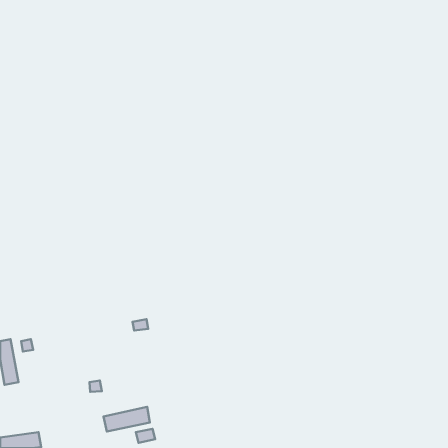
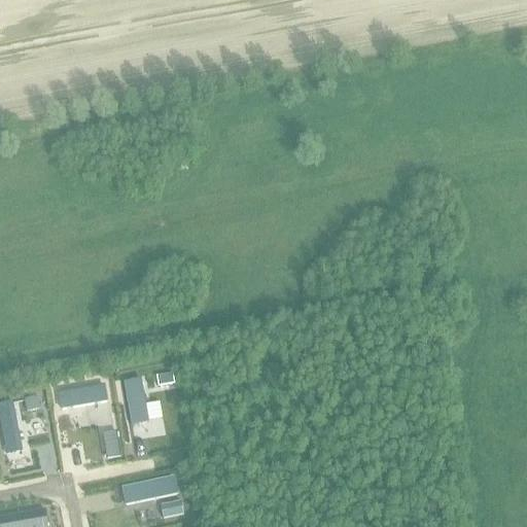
building: none -> [125,376,148,422]
building: none -> [58,382,107,407]

